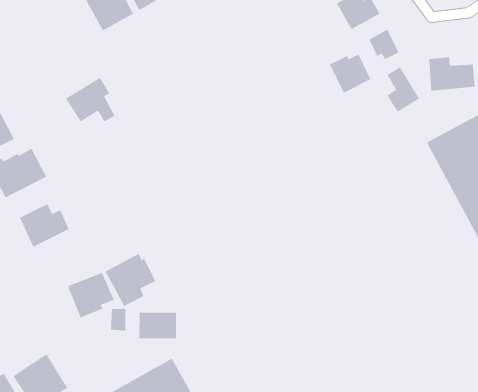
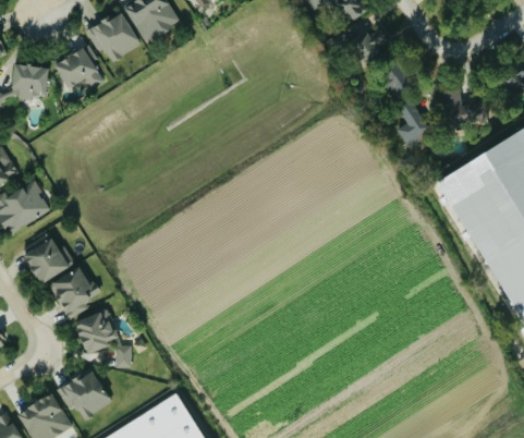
building: none -> [11,64,48,99]
building: [329,54,371,93] -> none
building: [65,77,116,122] -> [52,42,103,88]
building: [105,253,156,307] -> [48,265,100,319]
building: [139,312,177,339] -> none
building: none -> [61,369,112,421]

